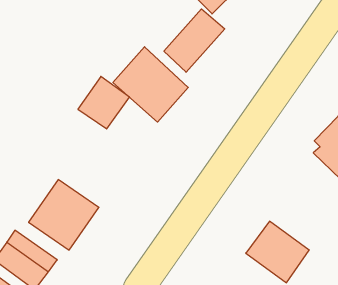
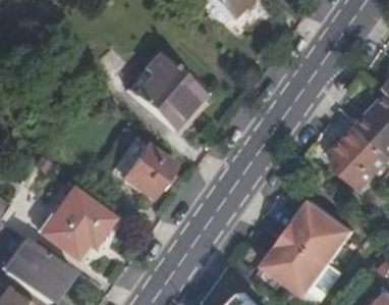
building: [164,9,225,72] -> none
building: [78,76,129,129] -> [124,143,177,197]
building: none -> [290,198,355,261]

